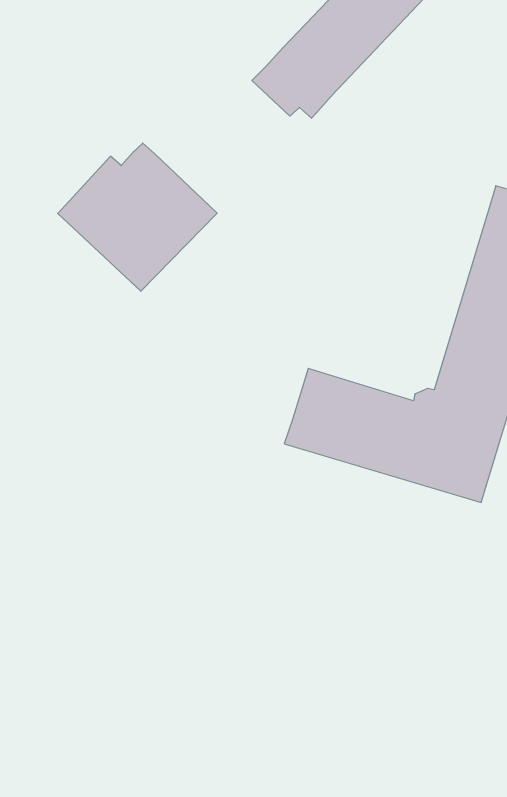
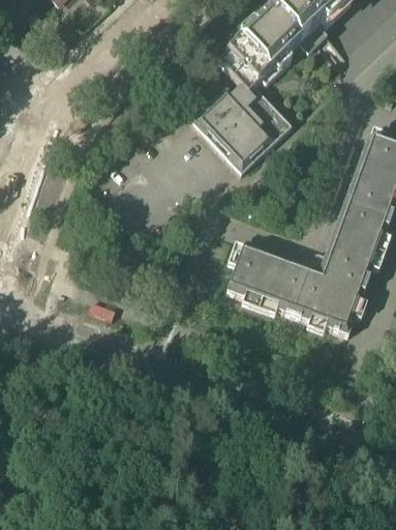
building: [58,143,217,291] -> [192,78,293,171]

